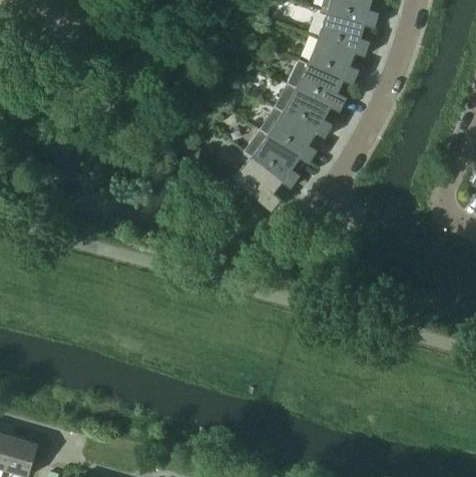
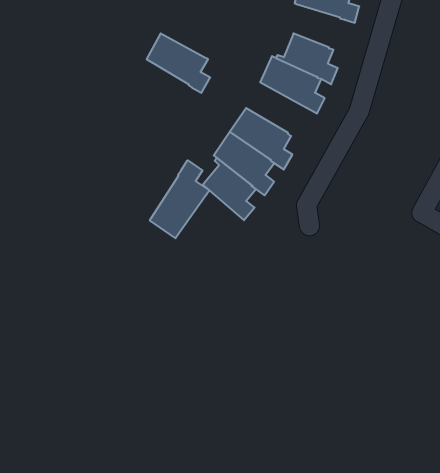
building: [319,10,371,56] -> none
building: [275,82,334,137] -> [147,33,210,93]
building: none -> [150,160,210,238]

